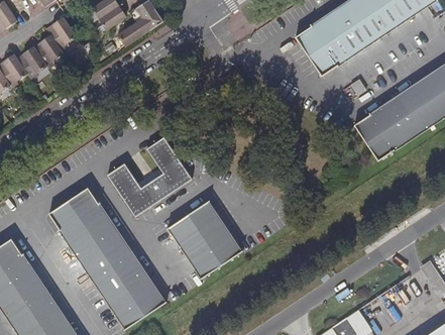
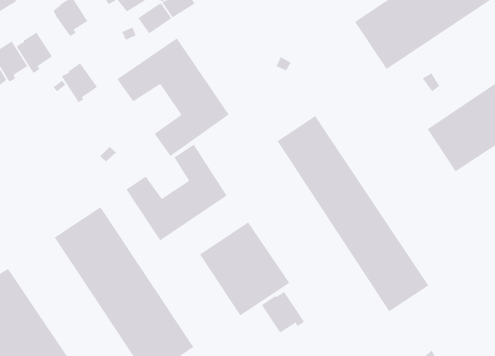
building: [34,33,65,67] -> [61,63,98,103]
building: none -> [117,38,229,157]
building: none -> [277,115,429,312]
building: none -> [261,291,305,333]

